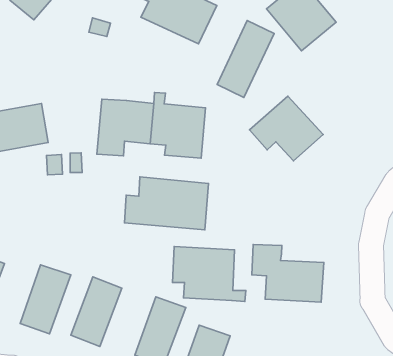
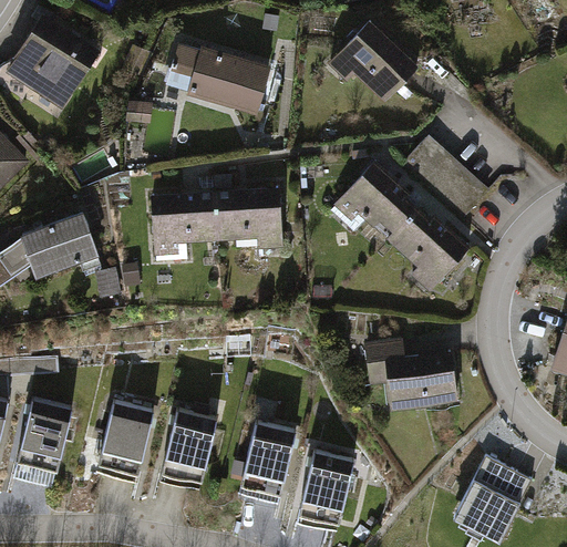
building: [217,21,274,98] -> none
building: none -> [408,137,491,218]
building: none -> [394,200,473,288]
building: [125,177,209,230] -> none
building: [172,246,246,301] -> none

